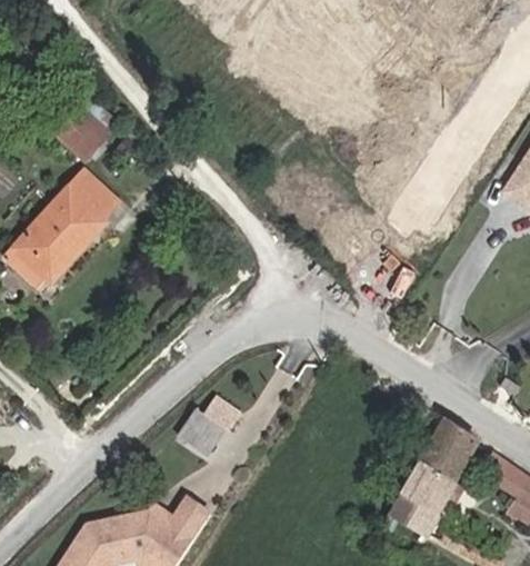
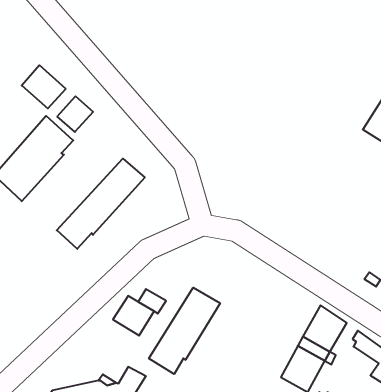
building: none -> [57,96,93,132]
building: none -> [57,159,145,249]
building: none -> [149,288,220,374]

